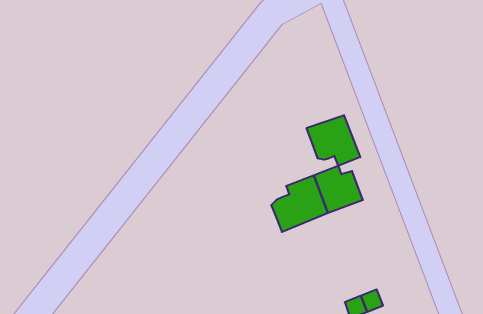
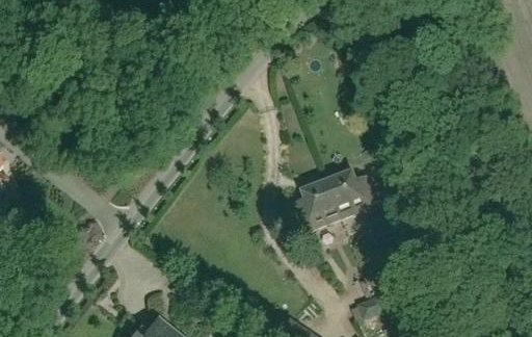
building: [307,115,360,166] -> none

